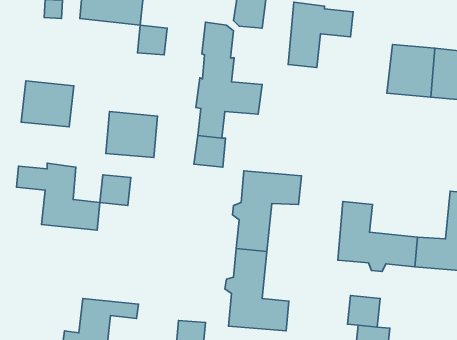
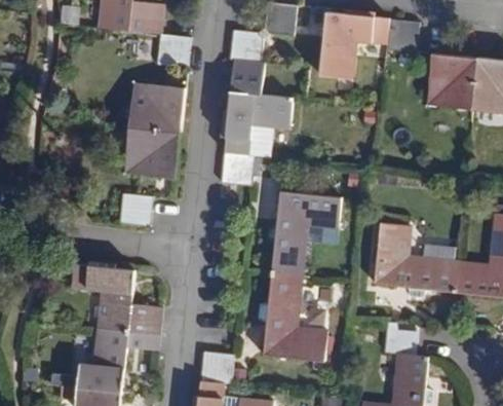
building: none -> [387,19,420,51]
building: [21,81,74,127] -> [129,81,186,131]
building: [16,163,100,230] -> [74,260,163,332]

